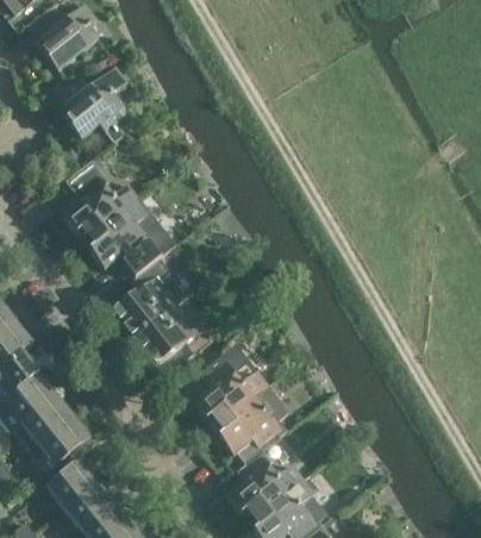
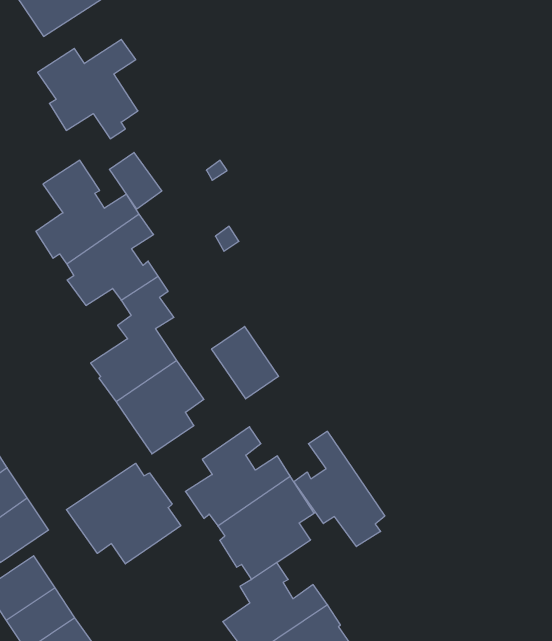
building: none -> [109,152,162,209]
building: none -> [212,326,279,399]
building: none -> [294,431,385,547]
building: none -> [66,463,181,564]

